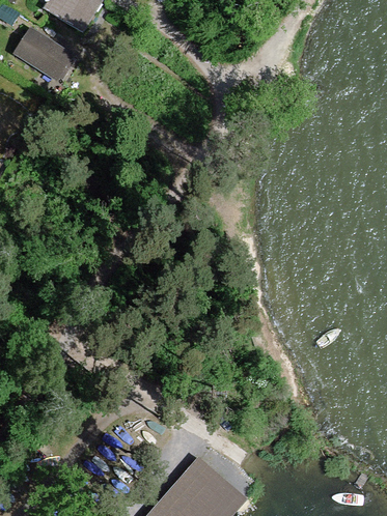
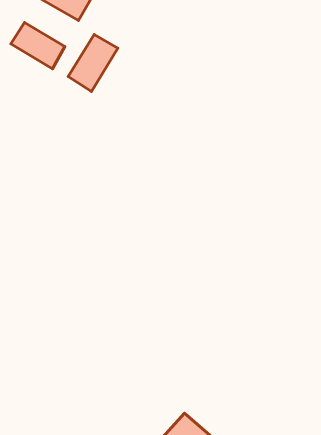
building: none -> [68,35,118,91]

